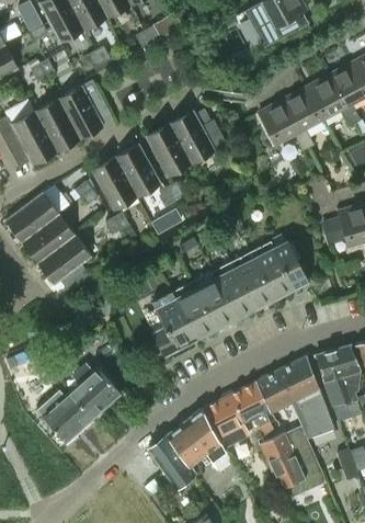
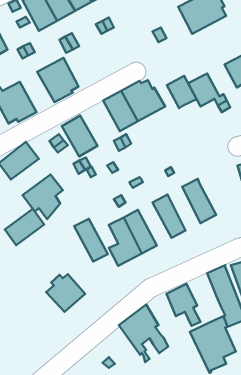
building: [283,89,322,132] -> [167,76,197,108]
building: [34,99,80,152] -> none
building: [114,144,161,197] -> none
building: [22,215,75,263] -> [5,209,44,245]
building: [271,241,308,289] -> none
building: [230,252,274,310] -> none
building: [191,273,236,330] -> [74,219,108,261]
building: [255,367,296,411] -> none
building: [36,389,93,444] -> none
building: [202,395,248,450] -> none
building: [147,436,194,489] -> none

